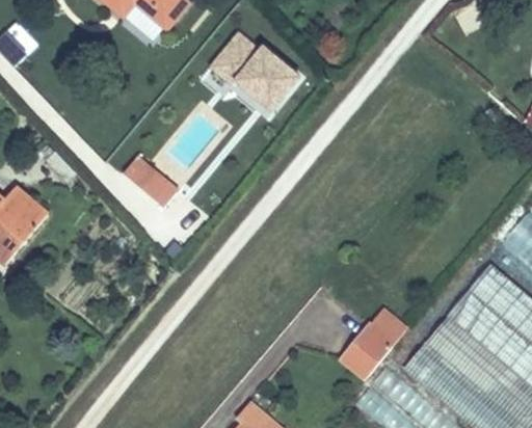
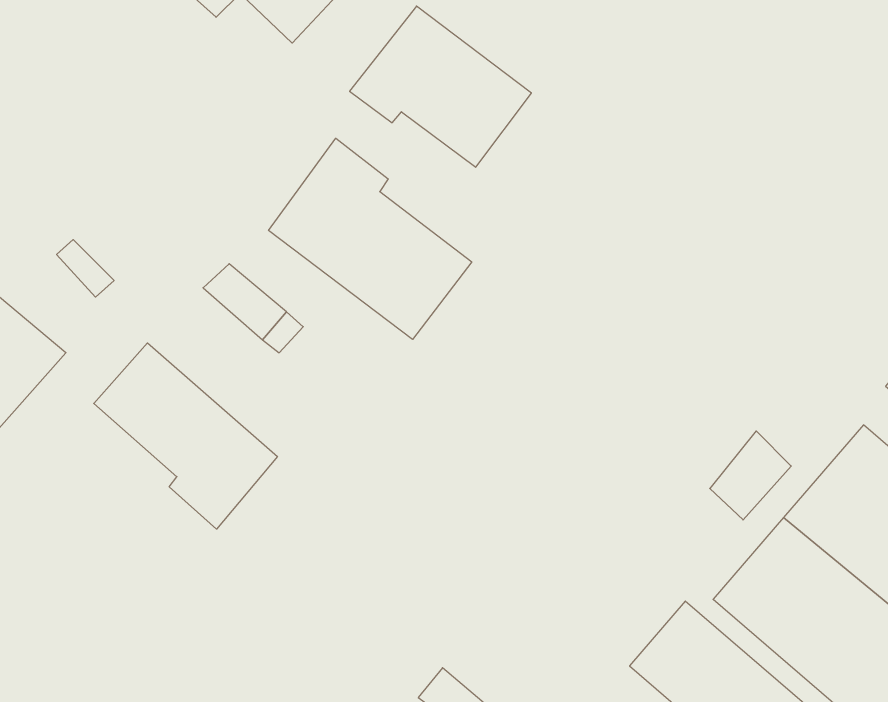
building: none -> [269,138,472,339]
building: none -> [94,343,277,529]
building: [347,323,393,373] -> [710,431,791,520]

